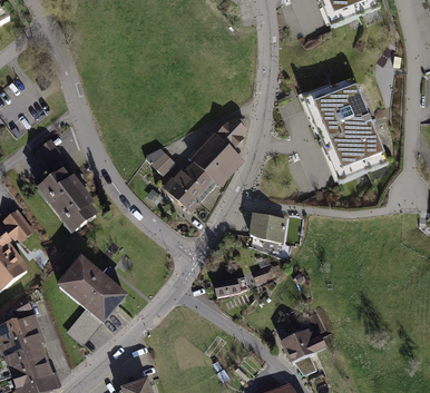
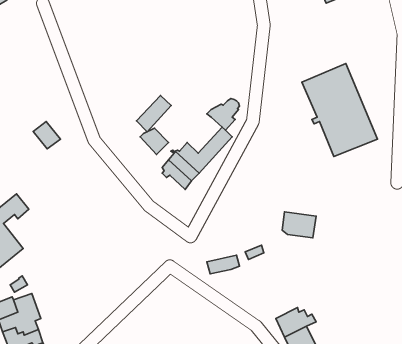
building: [193,136,228,173] -> [136,96,171,132]
building: [41,171,95,228] -> none
building: [250,214,284,240] -> [282,212,316,238]
building: [58,258,125,342] -> none

